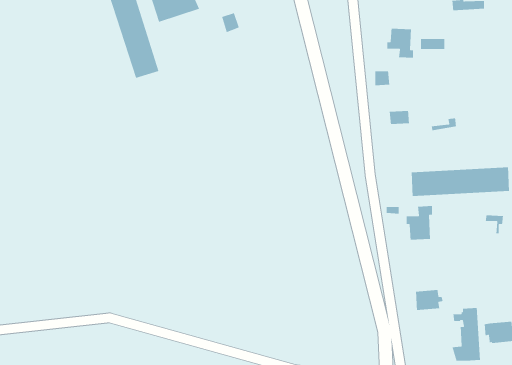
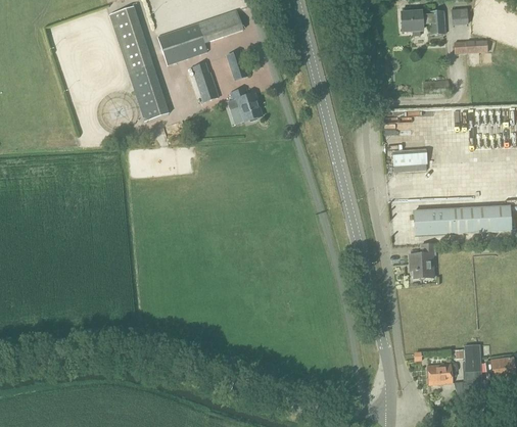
building: none -> [192,62,219,100]
building: [387,28,414,59] -> none
building: none -> [228,87,263,124]
building: [415,289,443,311] -> [428,363,456,384]

